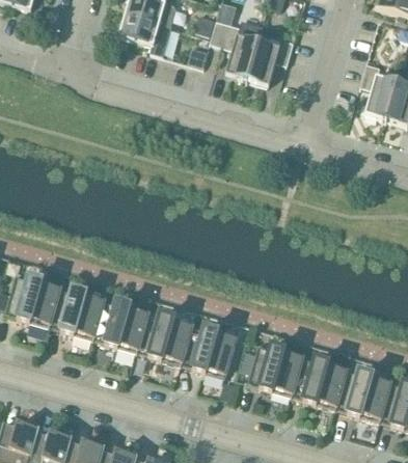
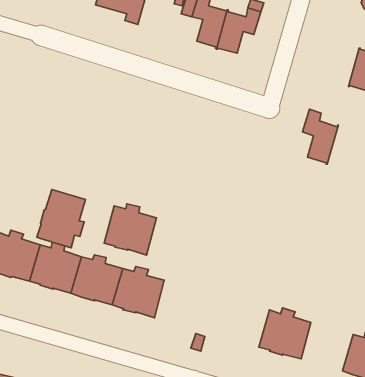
building: [361,60,399,118] -> [303,109,338,164]
building: none -> [37,190,85,248]
building: [183,321,238,375] -> [104,204,156,255]
building: [248,339,304,393] -> none
building: [337,364,392,418] -> none

